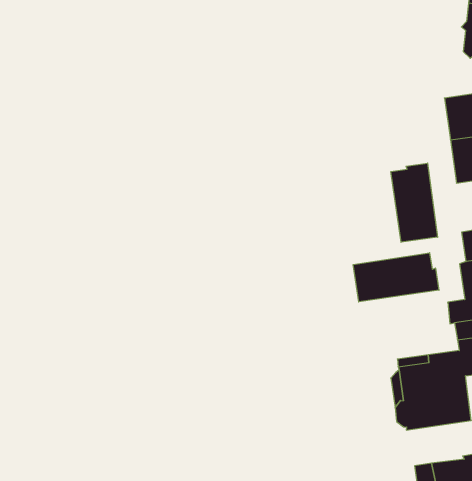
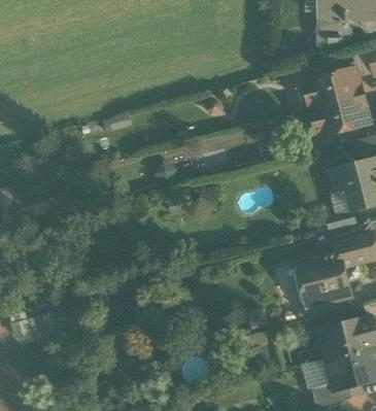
building: [391,163,438,242] -> none
building: [353,253,439,302] -> none

